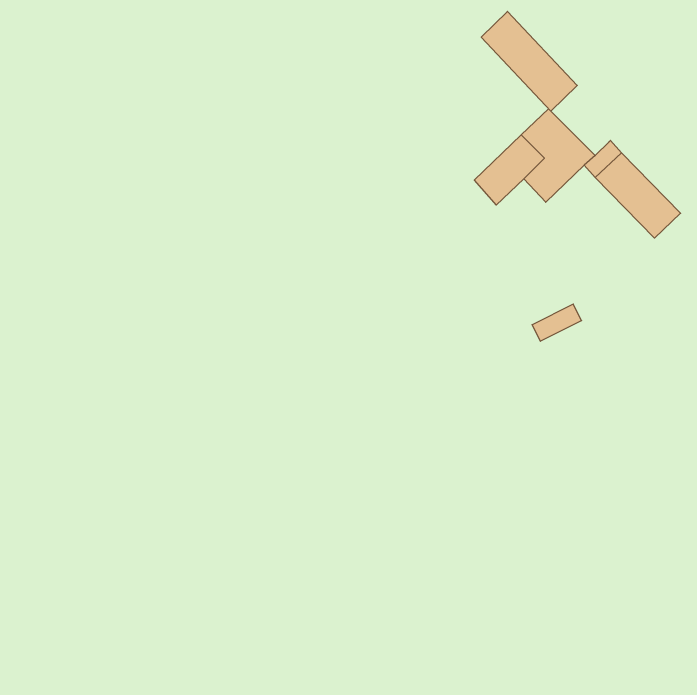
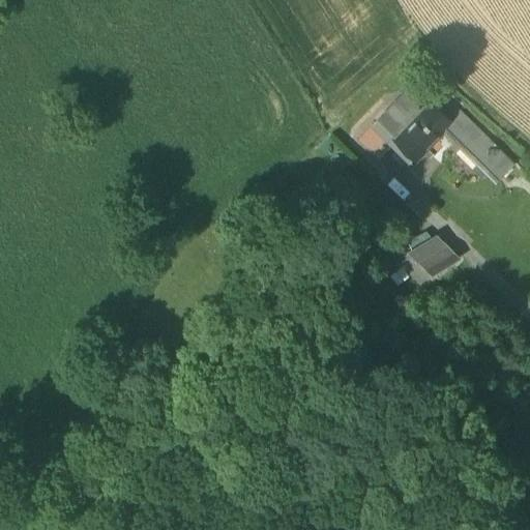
building: [481,11,577,111] -> none
building: none -> [413,245,457,283]

